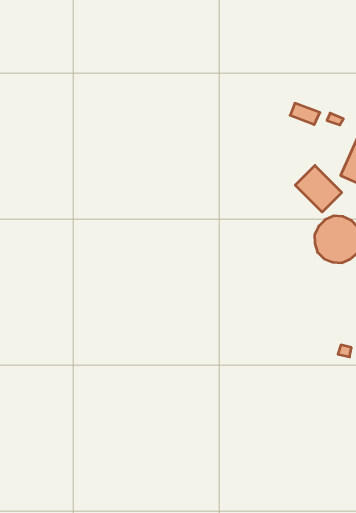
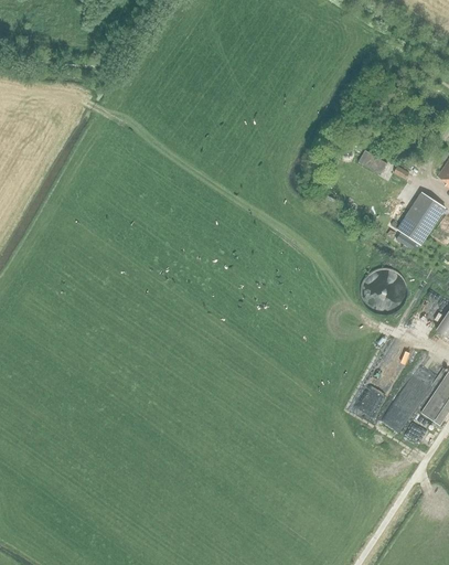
building: [295,165,342,212] -> none

